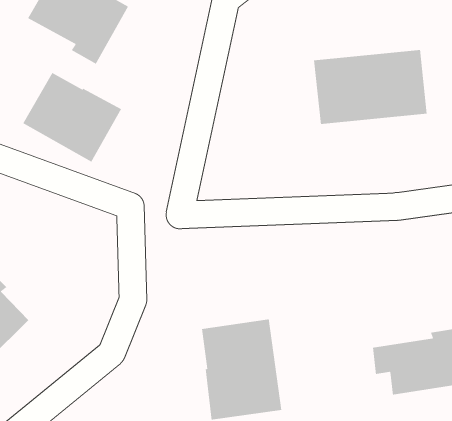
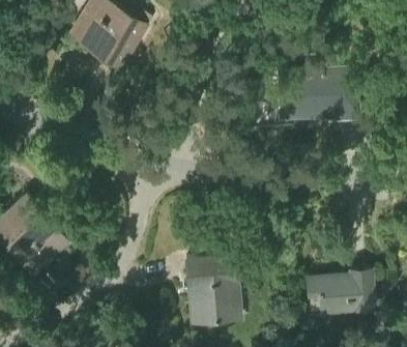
building: [23,72,122,162] -> none

